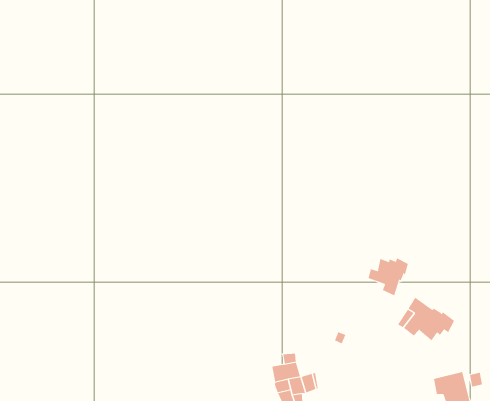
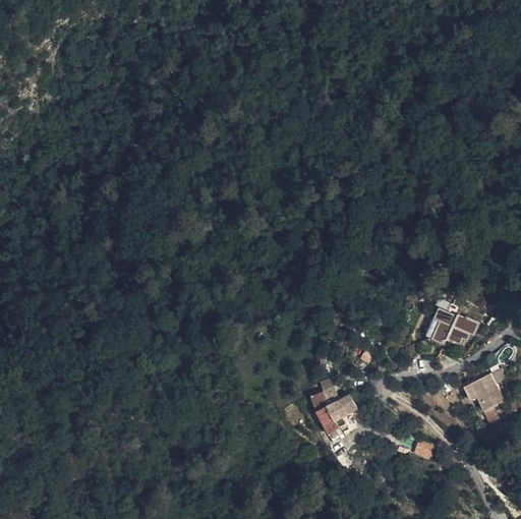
building: [368,258,408,296] -> none

